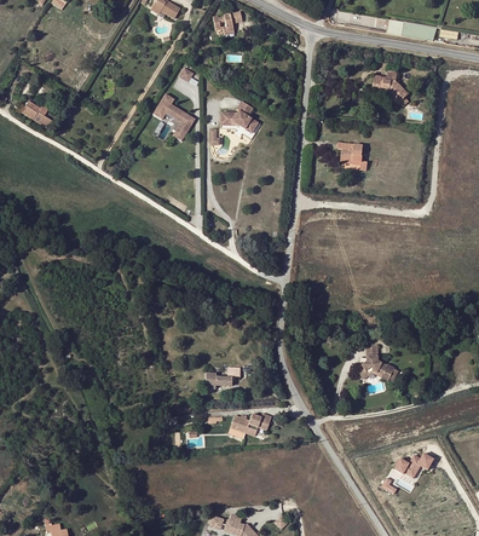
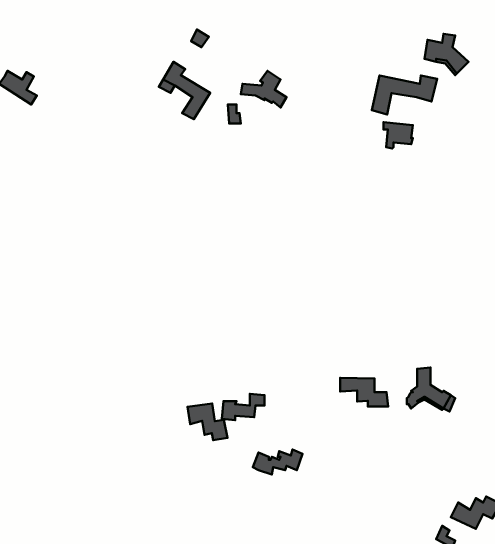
building: none -> [372,76,437,115]
building: none -> [340,378,388,406]
building: none -> [188,404,228,440]

